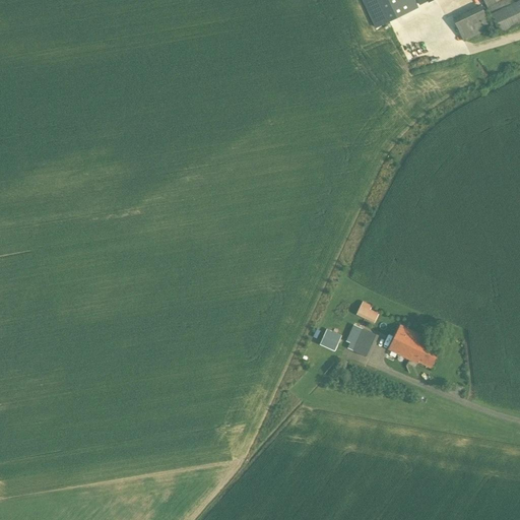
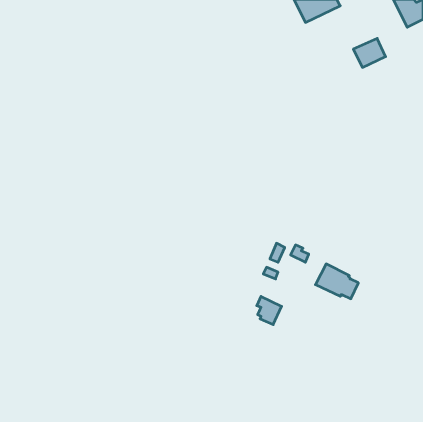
building: [452,5,492,41] -> [353,38,386,67]
building: [348,323,379,358] -> [257,296,282,325]

